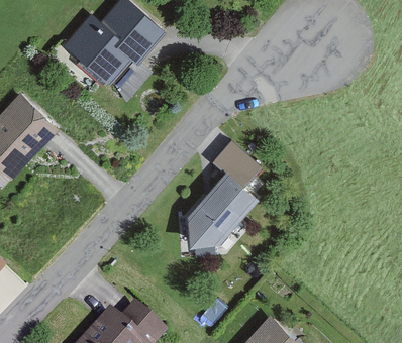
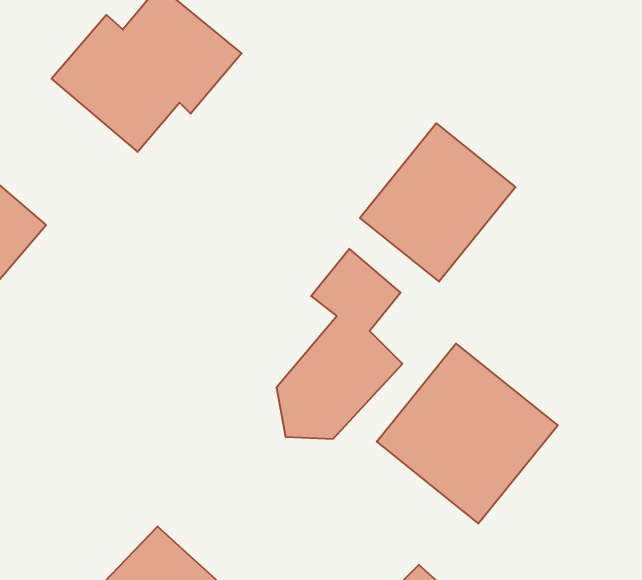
building: none -> [360,123,515,282]
building: none -> [377,343,558,524]

